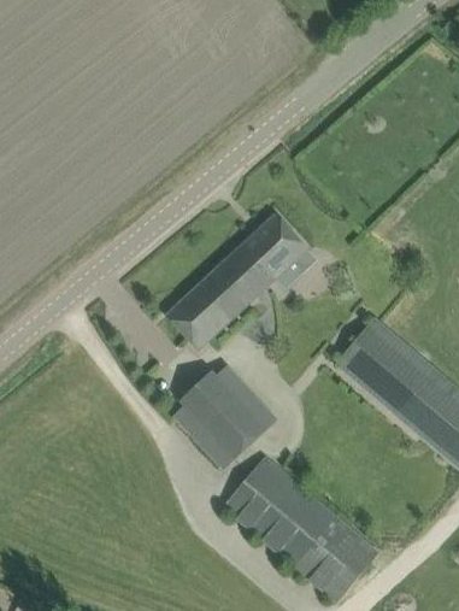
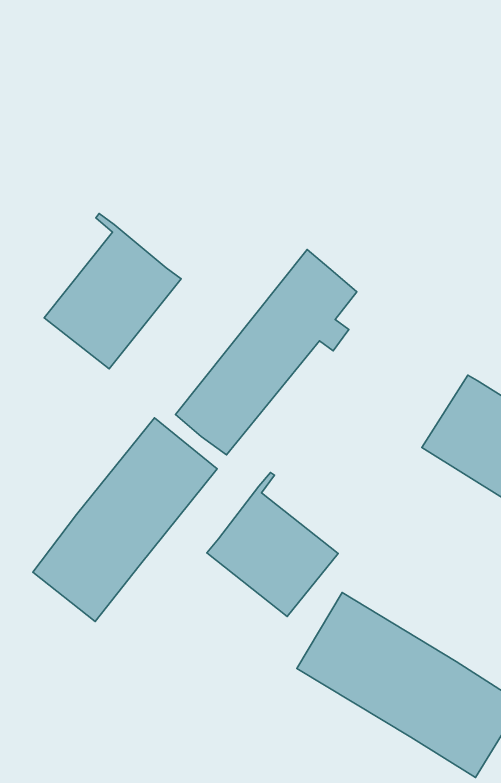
building: none -> [44,214,181,369]
building: none -> [33,418,217,622]

